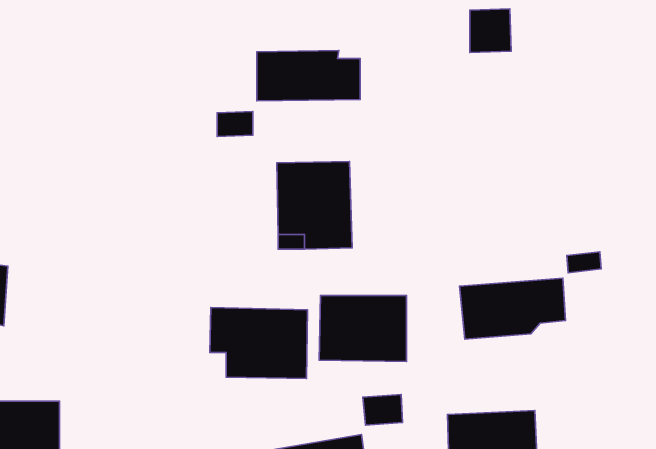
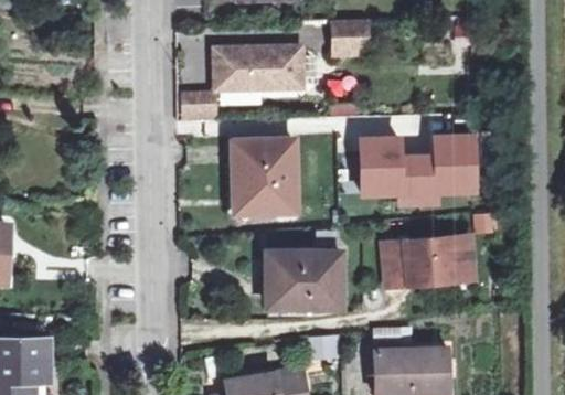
building: [470,9,511,53] -> [334,19,369,55]
building: none -> [355,130,477,206]
building: [210,308,307,378] -> none

